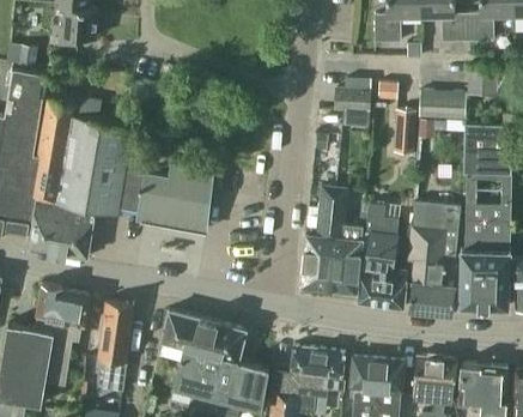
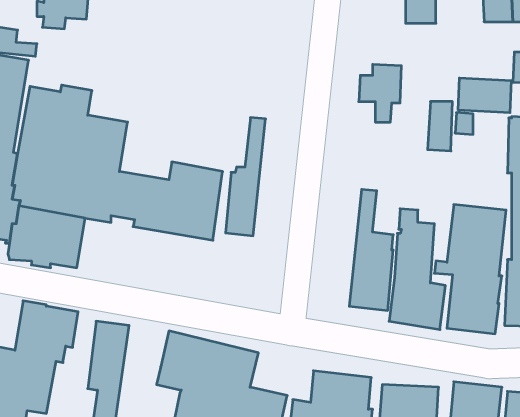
building: [300,188,335,291] -> [226,118,266,236]

